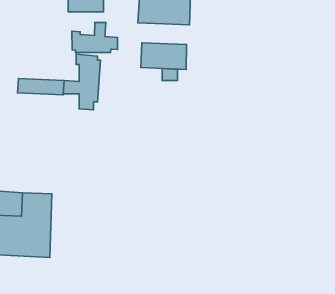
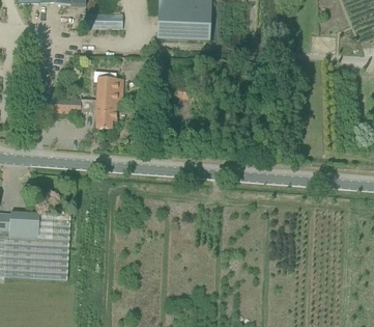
building: [72,22,118,53] -> none
building: [141,43,187,69] -> none

